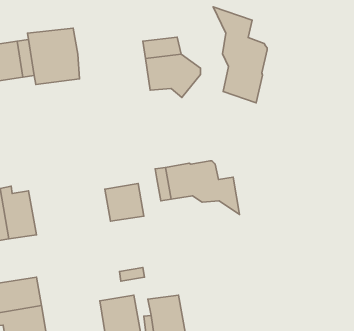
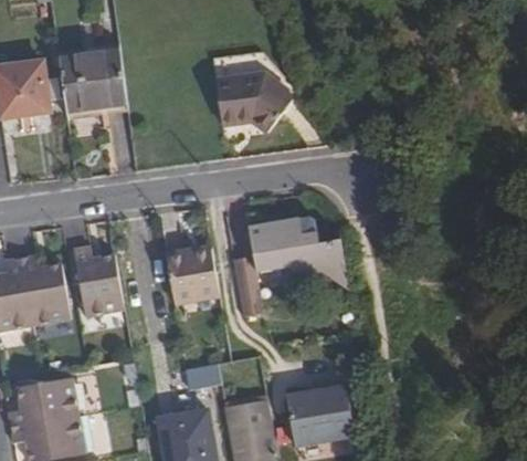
building: [213,7,267,103] -> none
building: none -> [75,245,123,317]
building: none -> [285,389,350,447]

